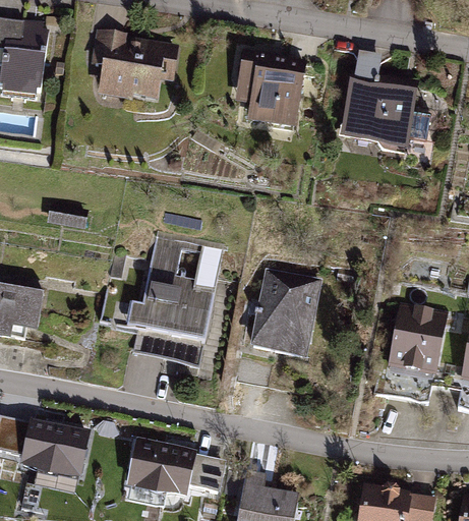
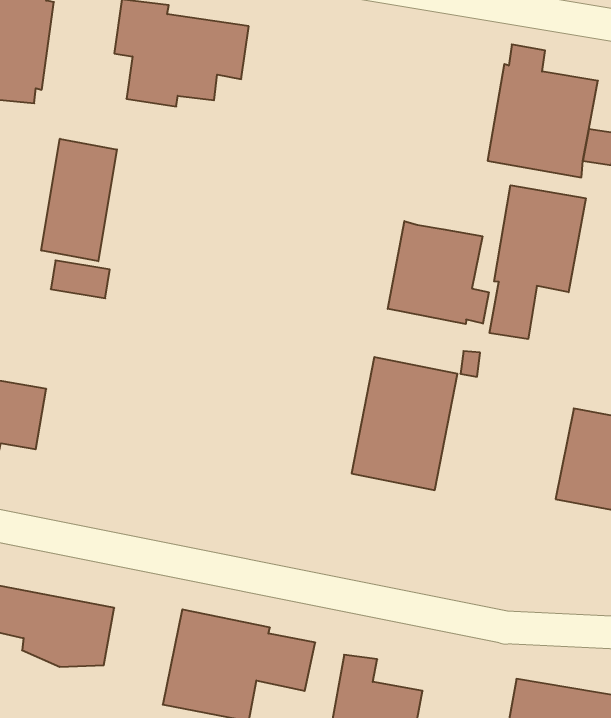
building: [231,50,302,129] -> none
building: none -> [41,139,117,261]
building: none -> [490,185,586,339]
building: none -> [388,221,489,324]
building: [125,231,224,368] -> none

